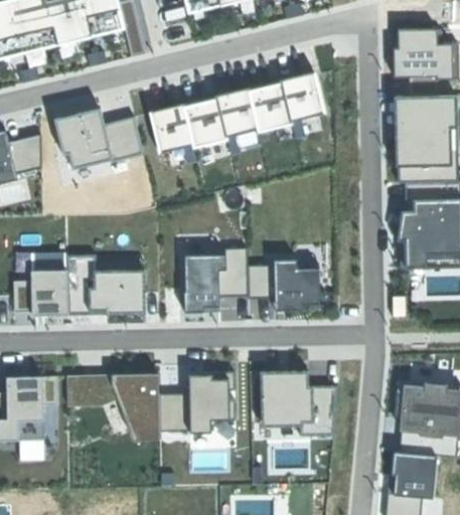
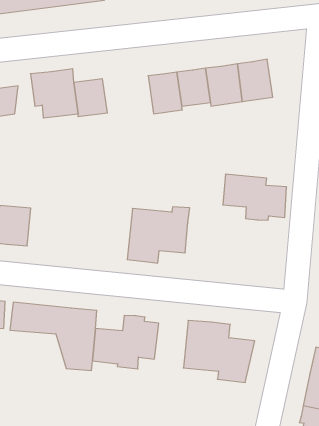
building: [148,105,193,154] -> none
building: [70,253,147,311] -> none
building: [247,263,318,310] -> [223,174,287,220]

